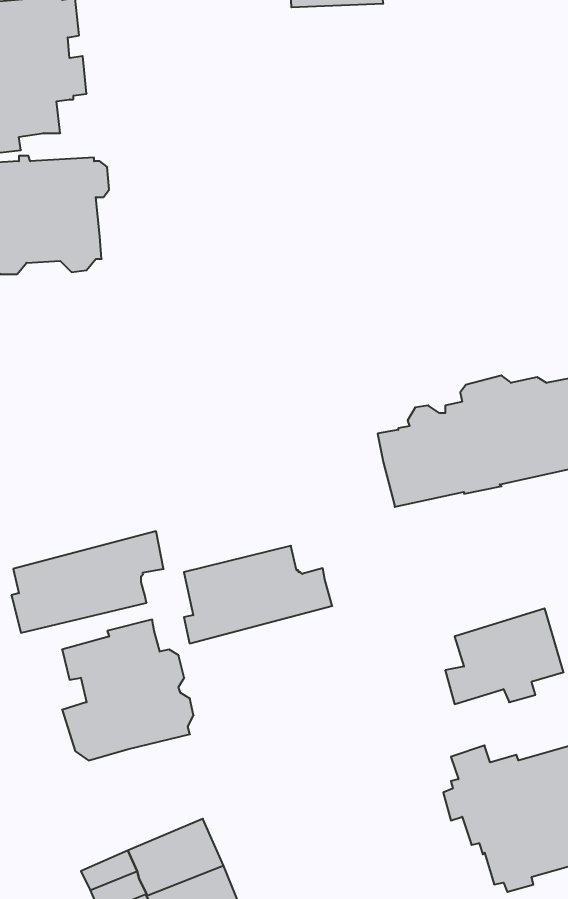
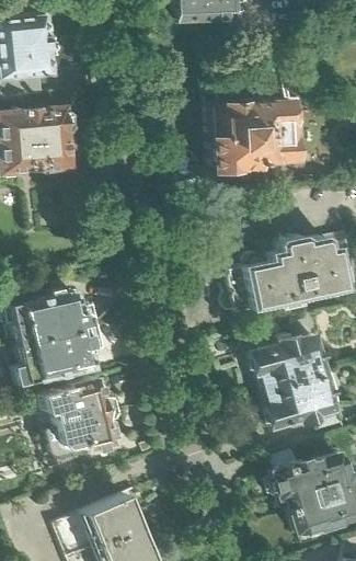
building: none -> [210,99,306,174]
building: none -> [253,312,328,391]
building: [184,546,332,643] -> [14,291,101,348]

